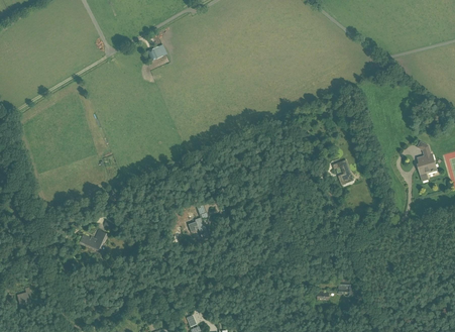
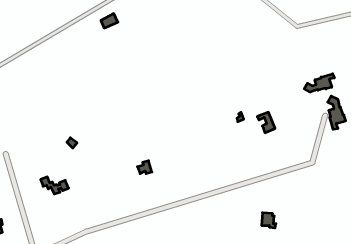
building: none -> [304,74,334,92]

